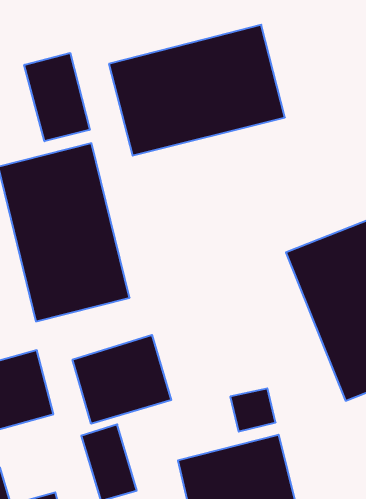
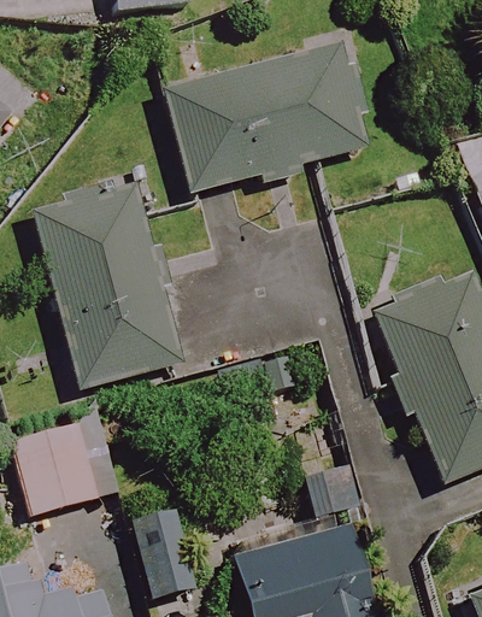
building: [24,53,90,141] -> none
building: [73,335,171,424] -> none

